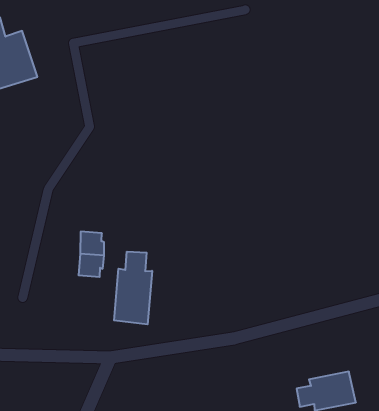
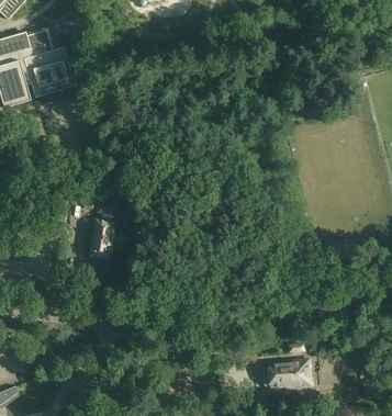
building: [114,252,152,324] -> none

